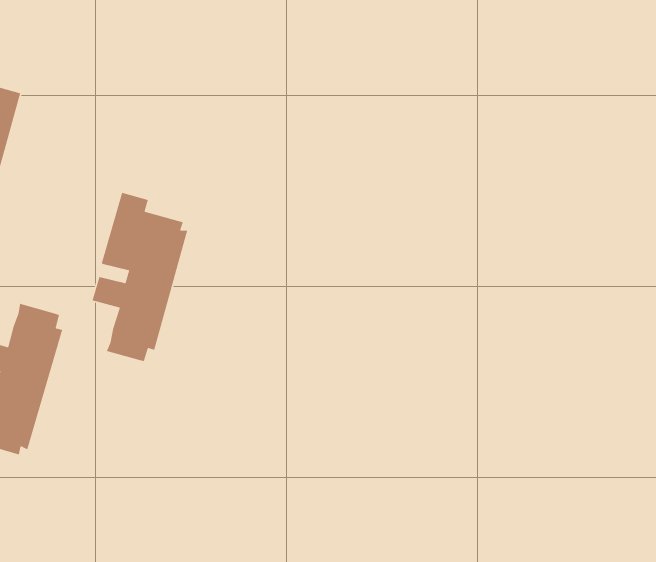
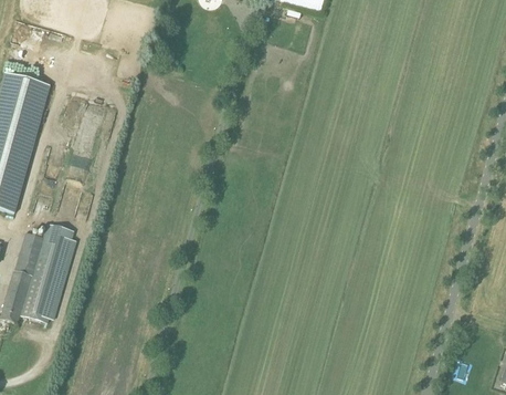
building: [91,192,188,362] -> none

